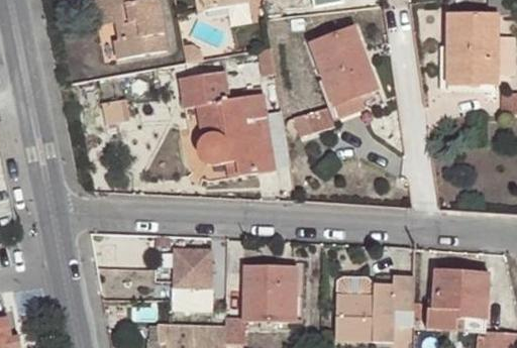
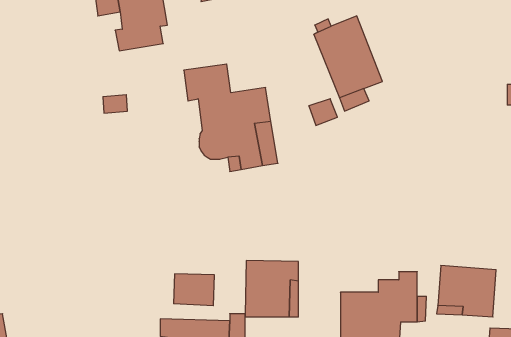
building: [446,13,497,83] -> none
building: [173,247,213,279] -> none

